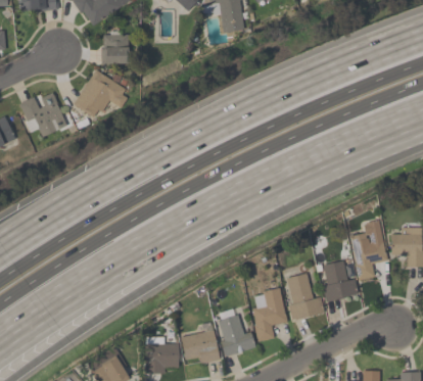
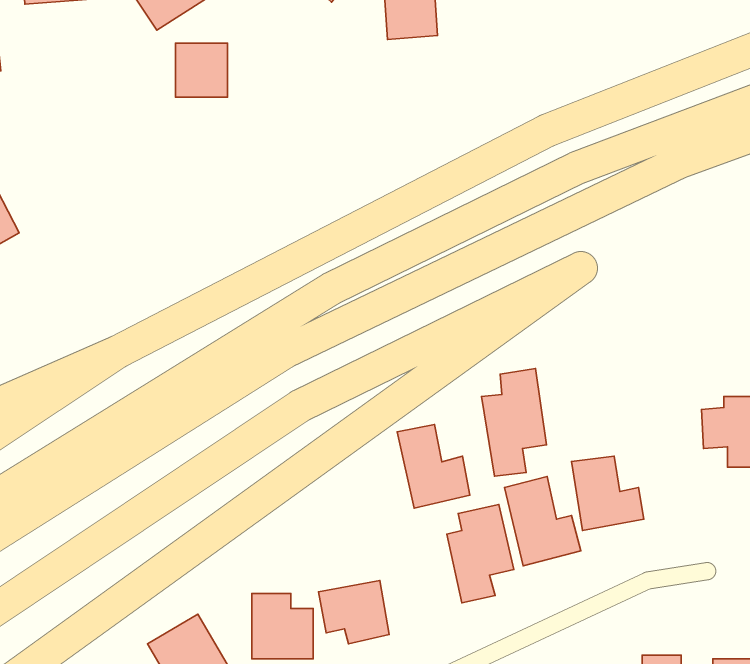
building: [74,68,130,120] -> none
building: [19,90,67,136] -> none
building: [351,220,387,279] -> [481,368,547,476]
building: [216,309,255,355] -> [397,424,470,508]

